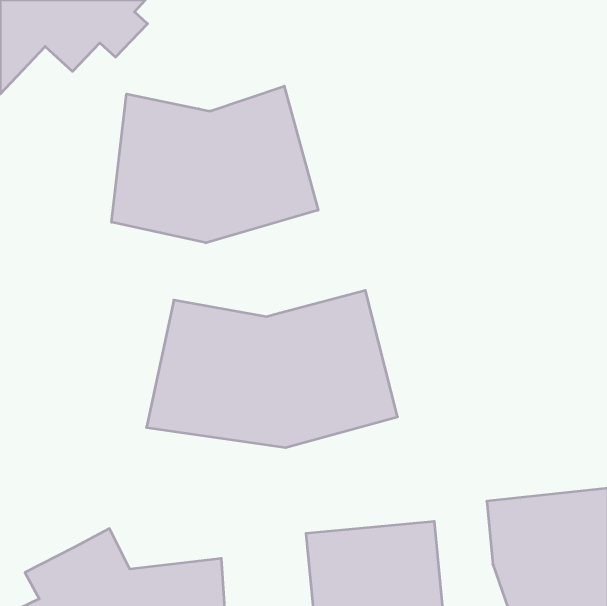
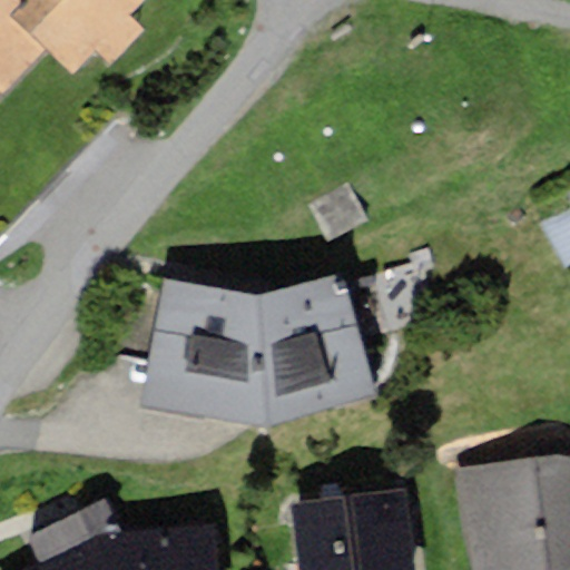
building: [112,86,318,243] -> none

